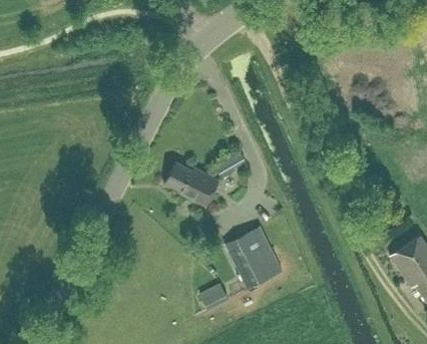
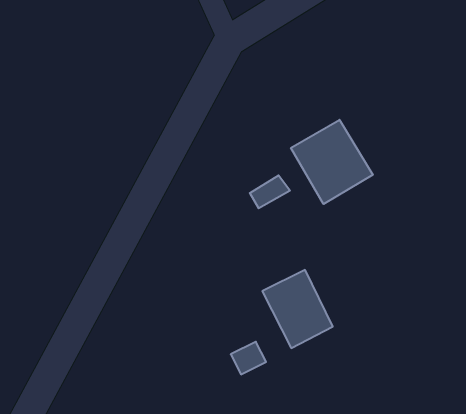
building: none -> [291,120,373,204]
building: [164,161,220,206] -> none

